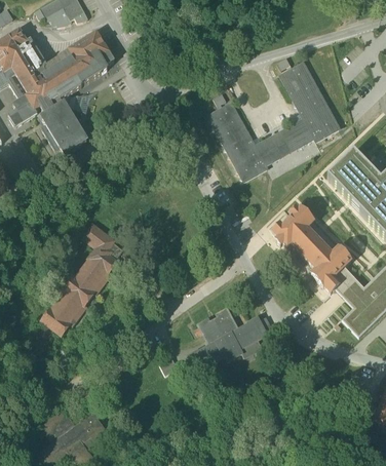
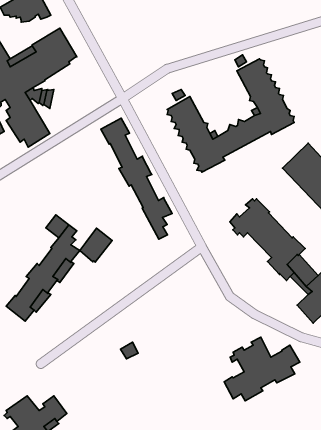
building: none -> [101,118,172,239]
building: none -> [80,228,112,262]
building: [189,308,267,374] -> [224,337,300,401]

